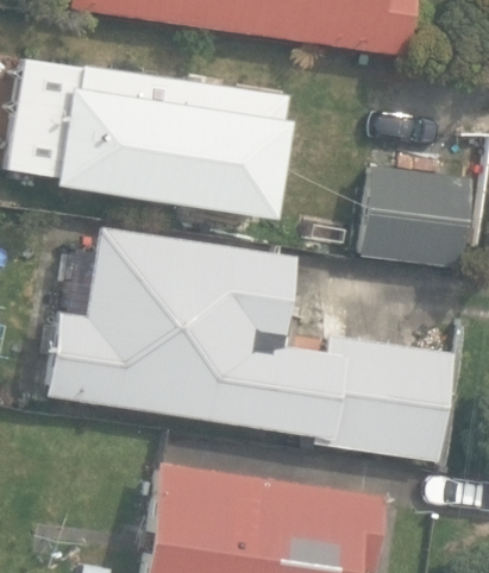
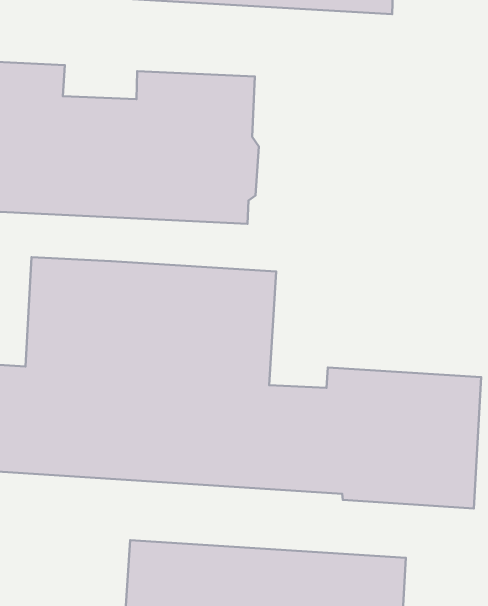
building: [361,164,469,269] -> none

